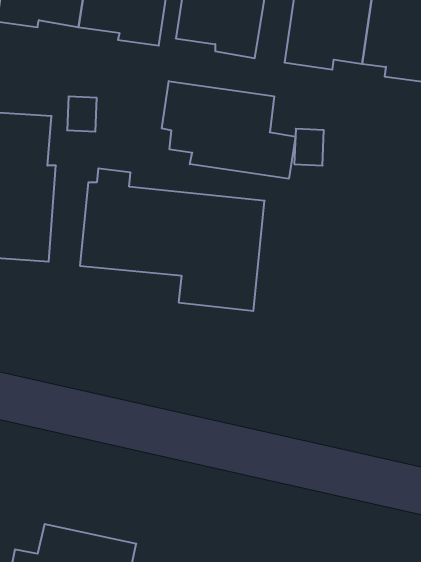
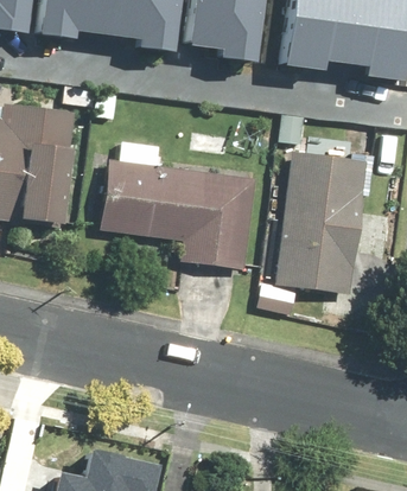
building: [162,81,295,179] -> none
building: none -> [278,152,379,299]

